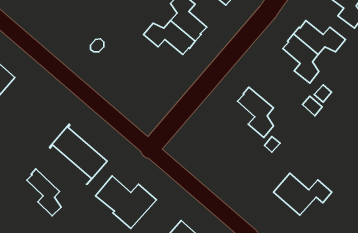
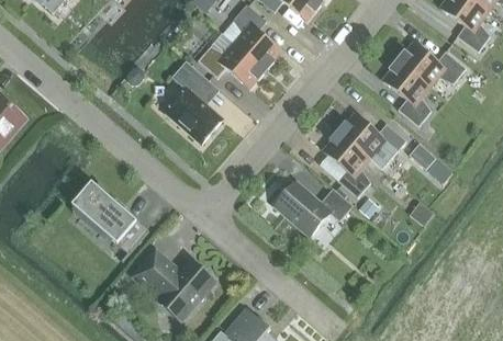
building: none -> [165,60,222,143]
building: none -> [337,113,405,158]
building: [27,169,61,216] -> none
building: [273,173,332,215] -> [273,180,351,236]

